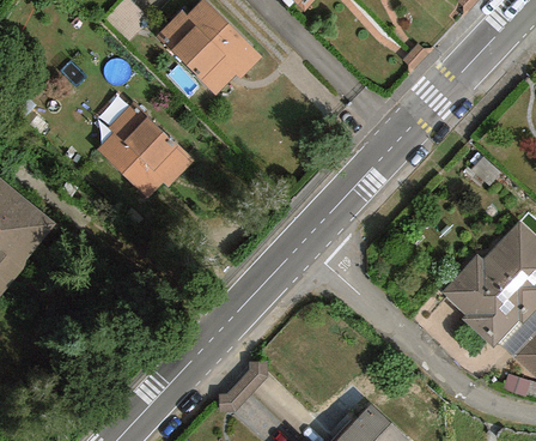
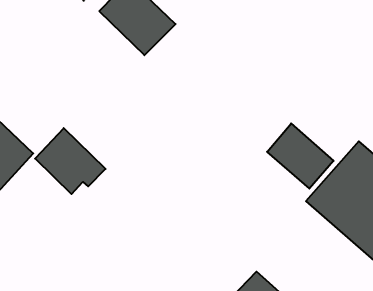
building: [96,105,193,197] -> [35,128,106,194]
building: none -> [267,123,334,189]

